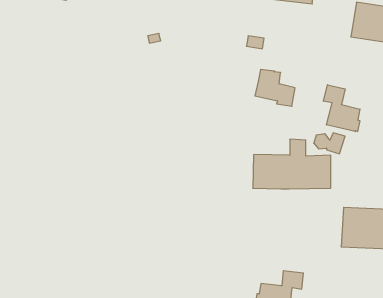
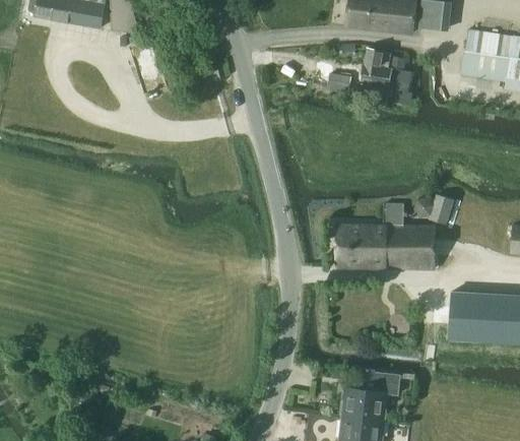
building: [255,69,295,106] -> [359,49,409,96]
building: [323,85,360,132] -> none

